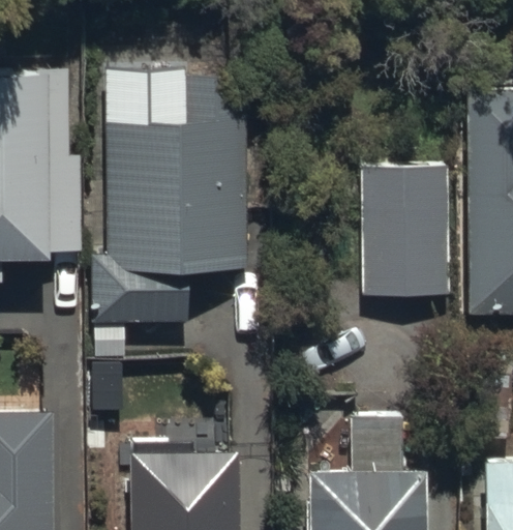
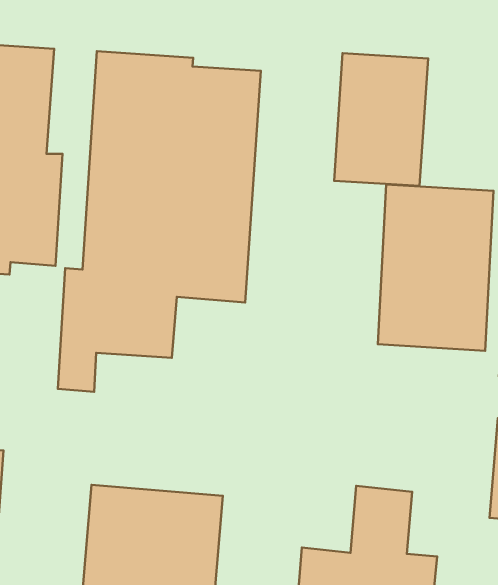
building: none -> [334,53,428,186]

